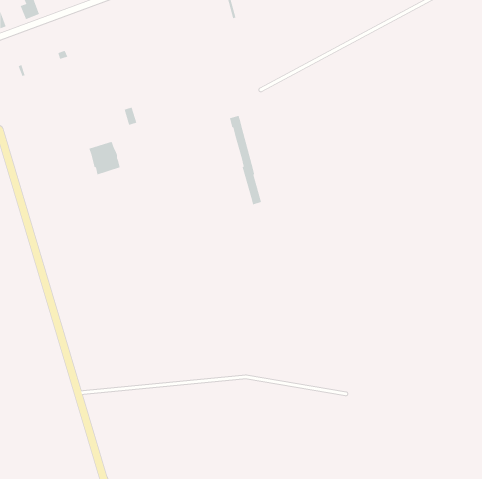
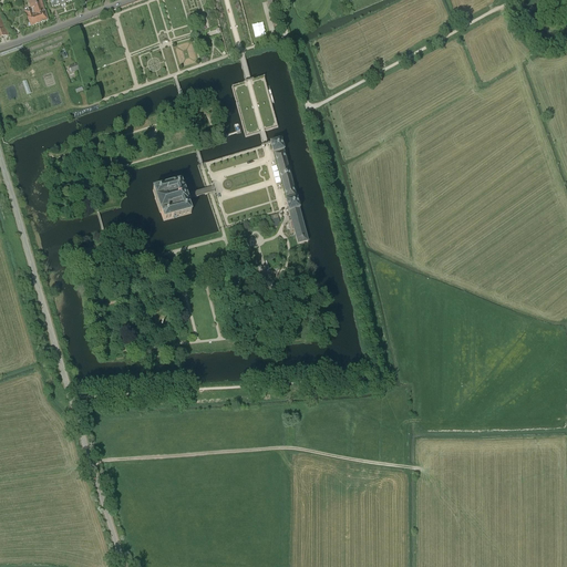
building: [88,141,121,175] -> [152,177,189,217]

